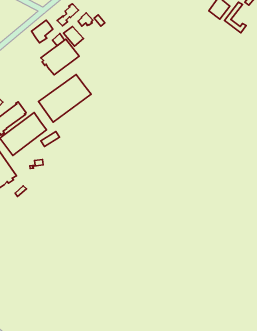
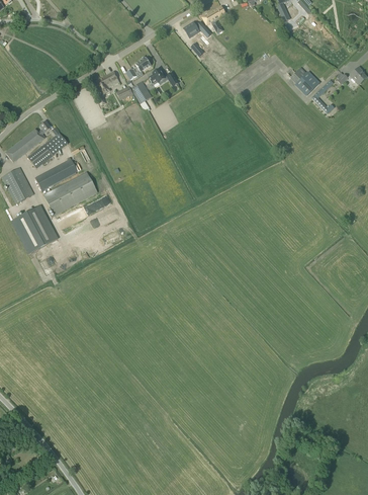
building: [41,39,79,75] -> none
building: [38,74,91,122] -> none

